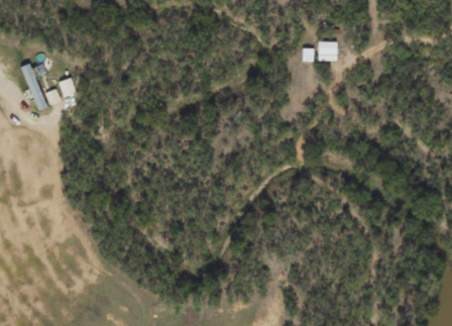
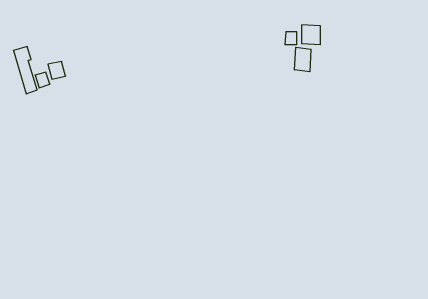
building: none -> [295,47,311,72]

